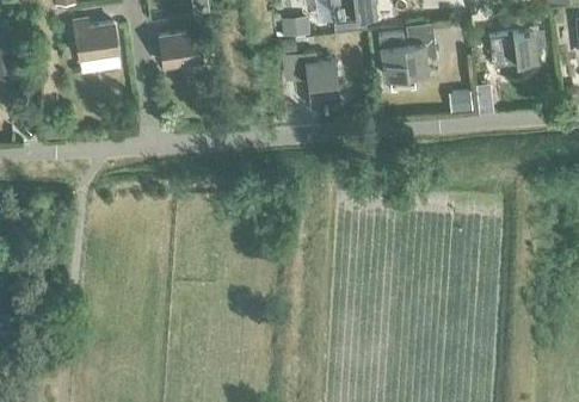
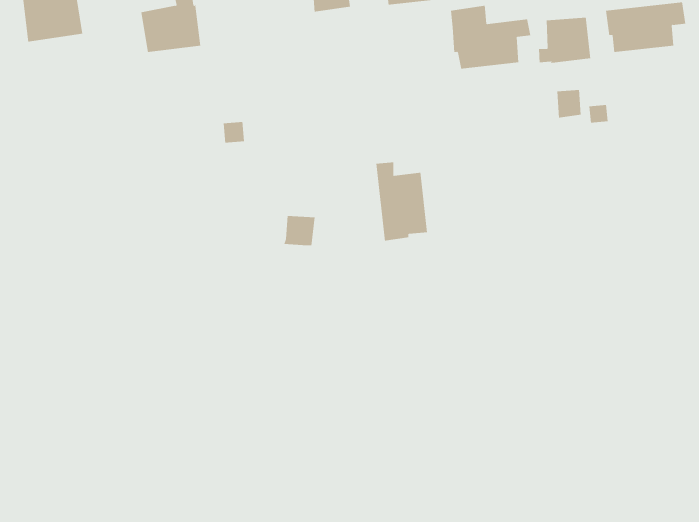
building: none -> [539,17,591,64]
building: [303,52,340,109] -> [376,162,428,241]

